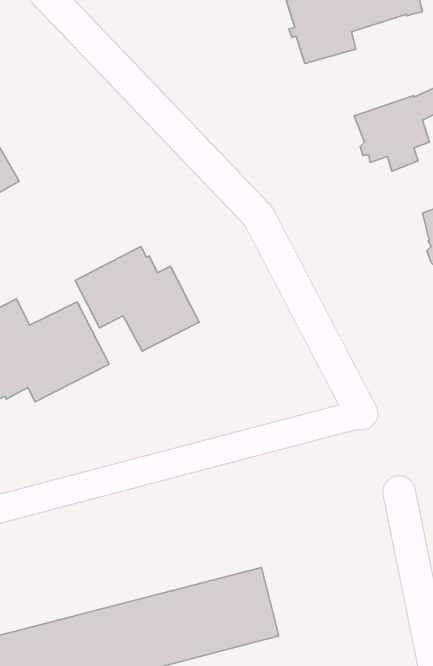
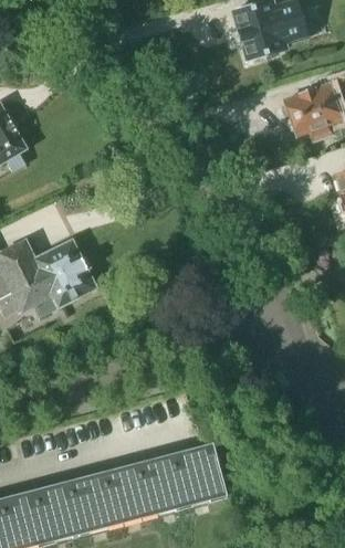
building: [75,246,199,351] -> none

